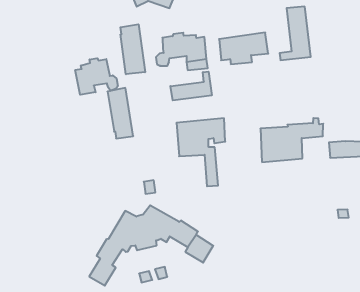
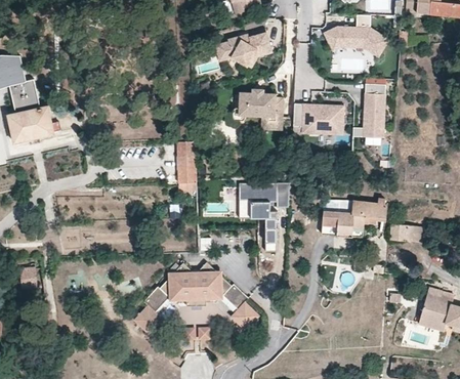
building: [120,24,145,74] -> none
building: [75,58,118,95] -> none
building: [170,72,212,100] -> none

